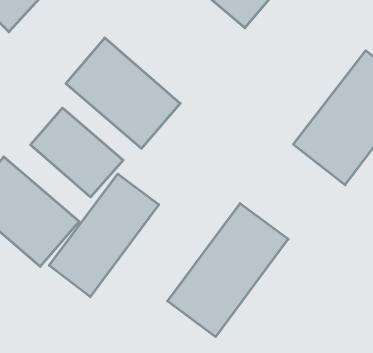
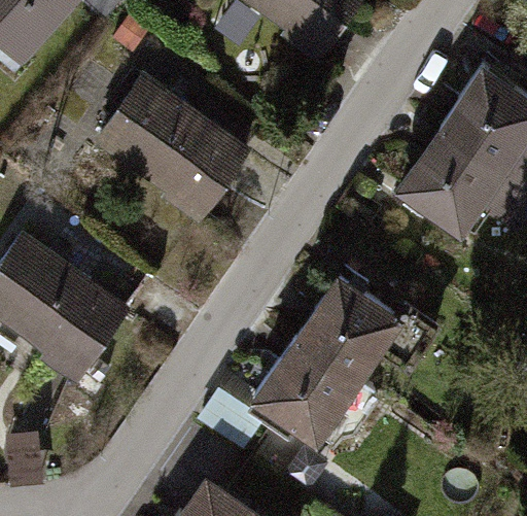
building: [31,108,123,197] -> none
building: [49,174,159,297] -> none

